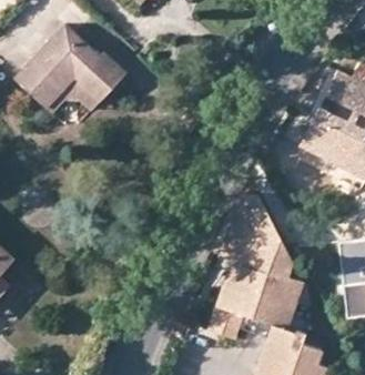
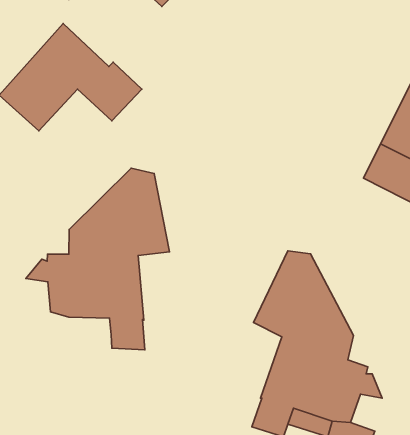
building: [48,75,104,118] -> none
building: none -> [26,168,170,350]

